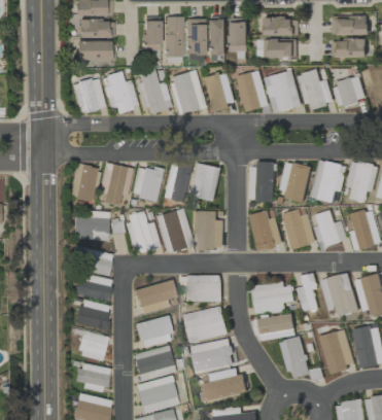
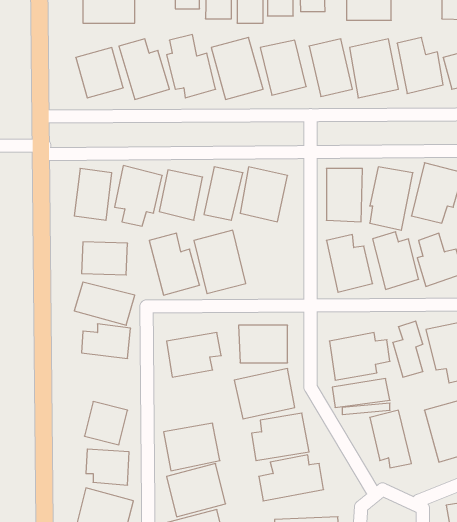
building: [192,211,224,249] -> none
building: [75,300,111,330] -> none
building: [136,315,173,347] -> none

